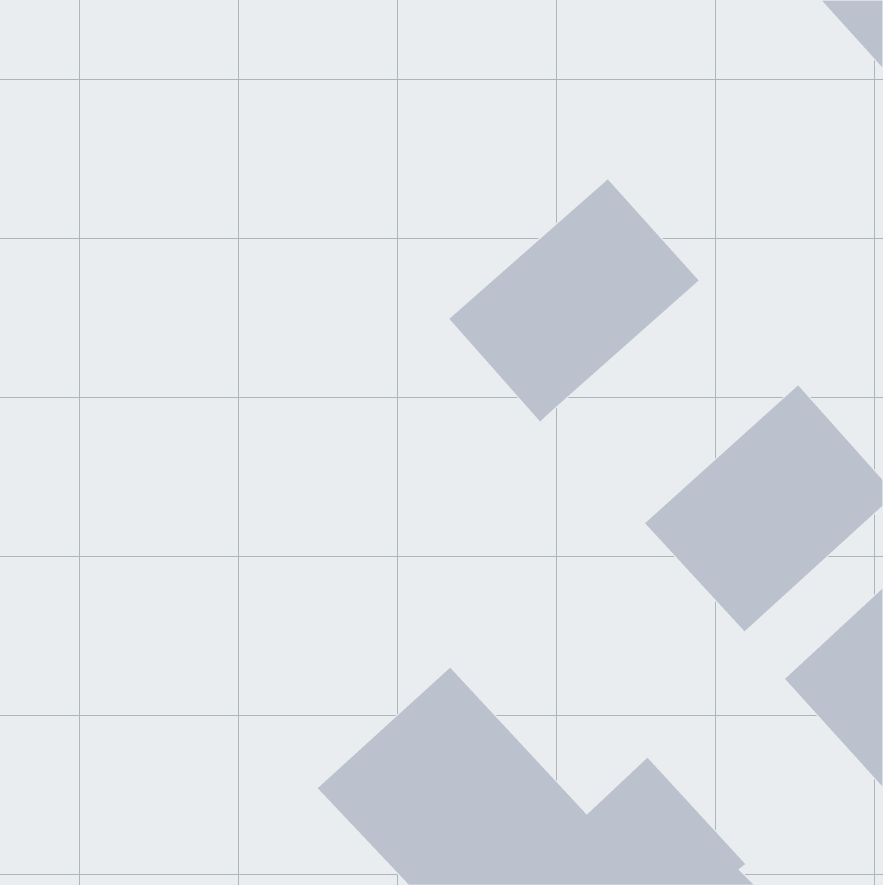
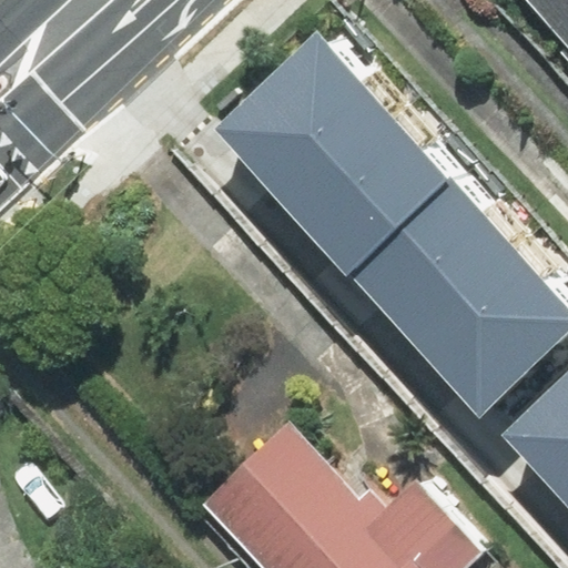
building: none -> [223,42,389,204]
building: none -> [351,179,511,335]

